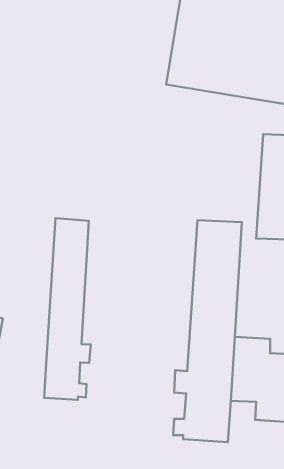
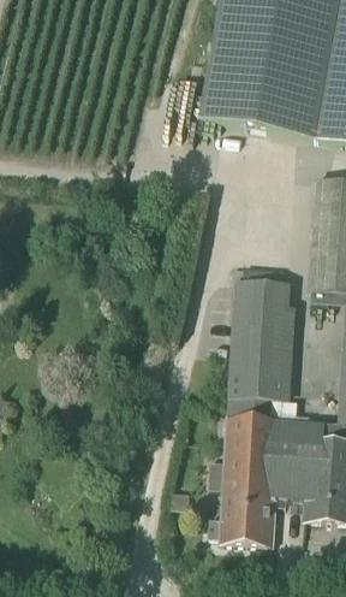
building: [44,218,91,400] -> none

